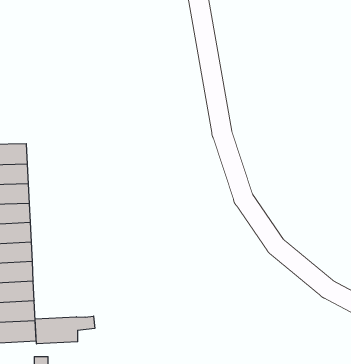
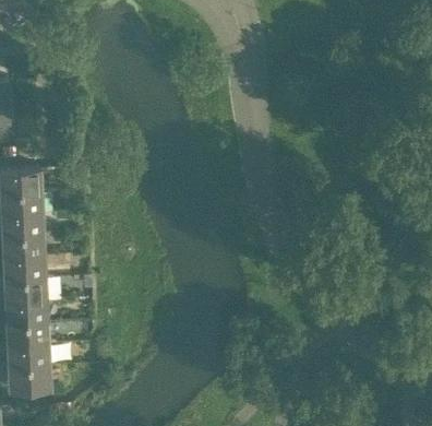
building: [35,316,95,344] -> none

